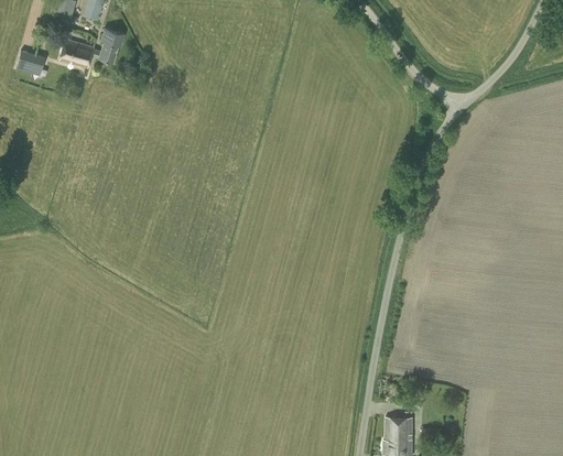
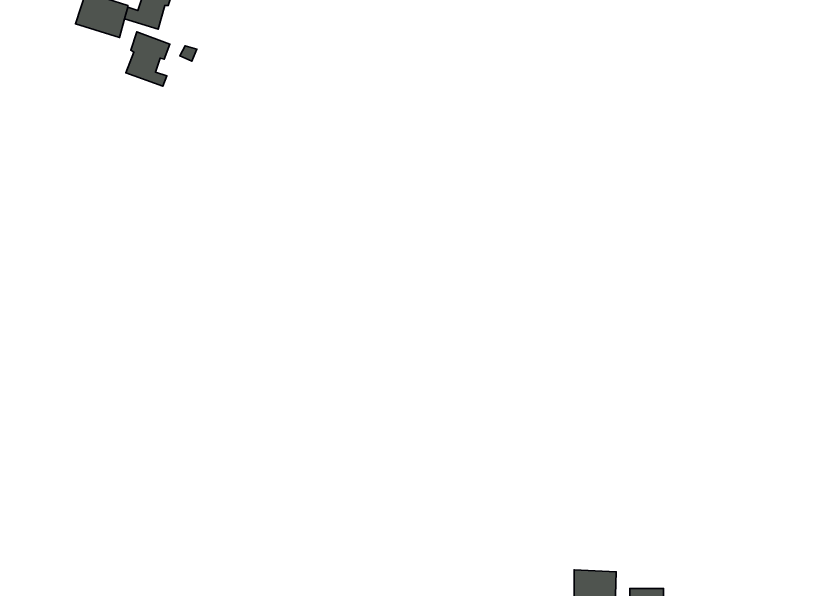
building: [15,51,44,76] -> none
building: none -> [126,32,170,86]

